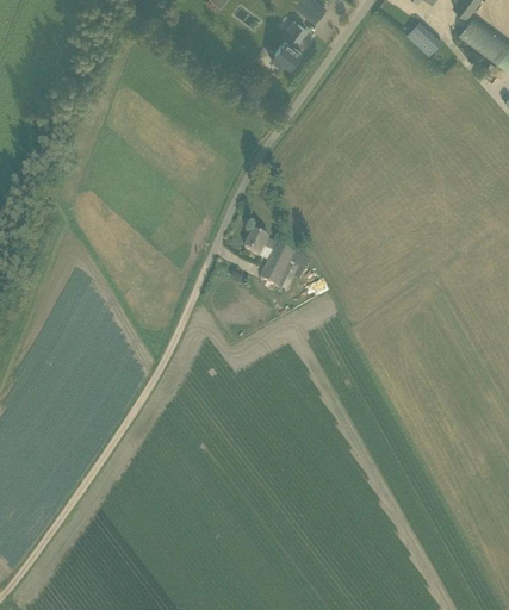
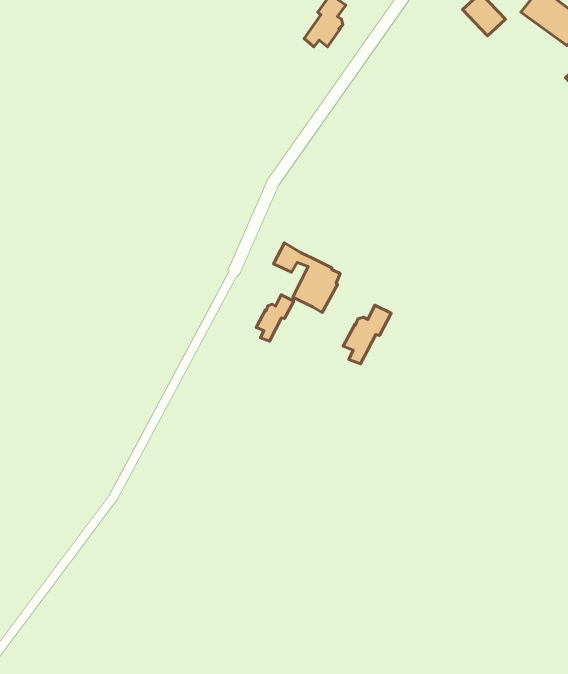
building: none -> [256,295,294,341]
building: none -> [343,305,391,364]

